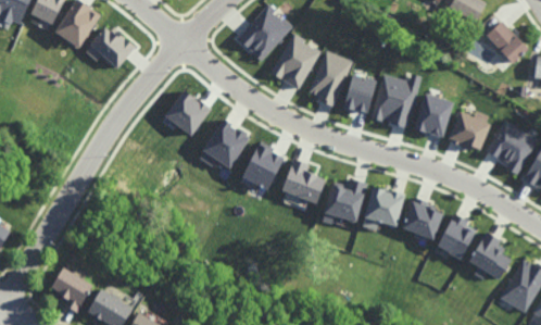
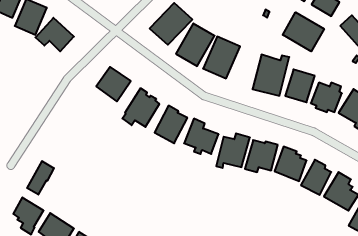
building: none -> [283,12,324,51]
building: [343,74,376,114] -> none
building: none -> [27,161,54,195]

